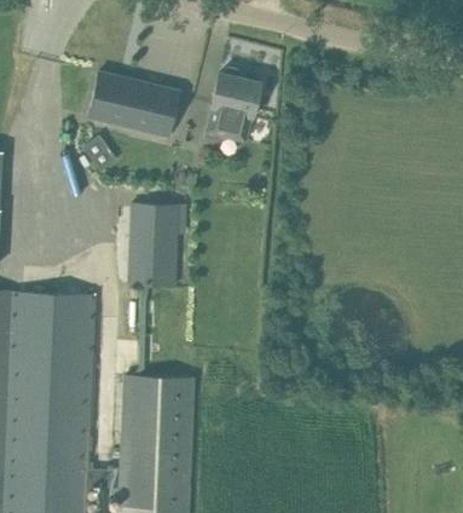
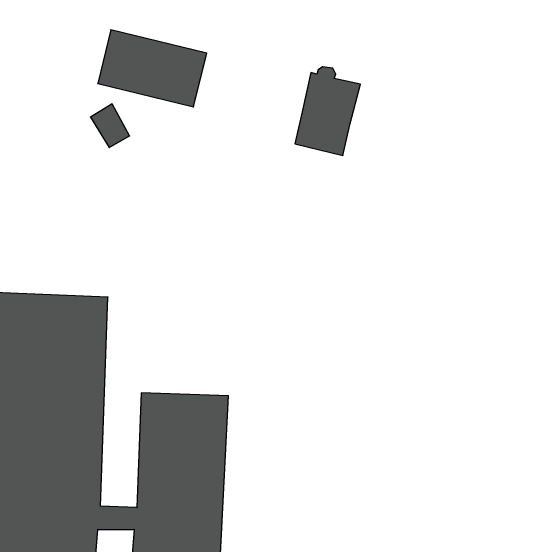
building: [204,69,259,143] -> [295,67,360,155]
building: [126,202,187,287] -> none

